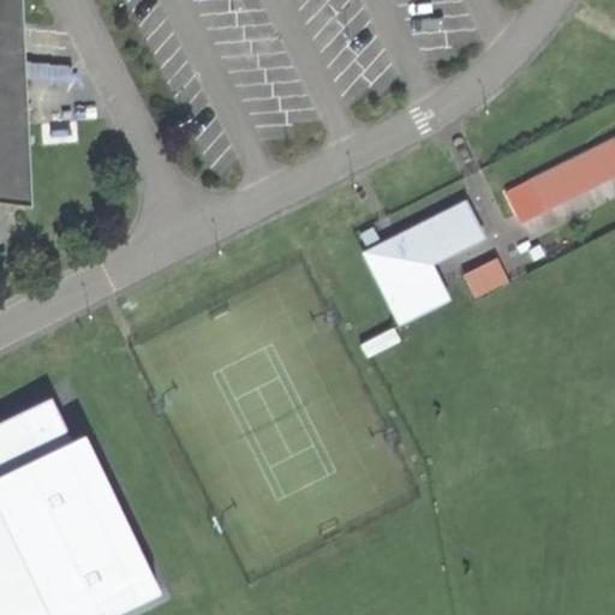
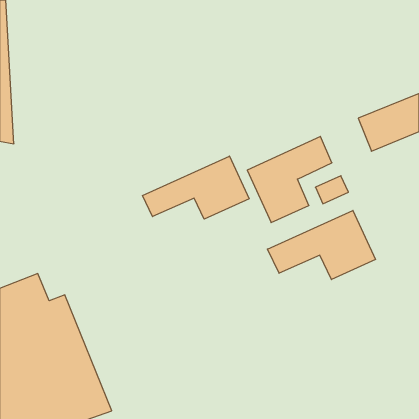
building: none -> [142,156,249,219]
building: none -> [267,210,375,280]

